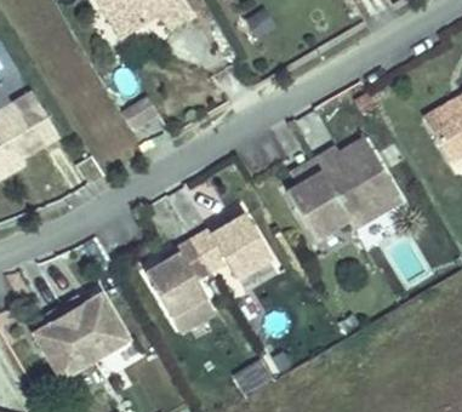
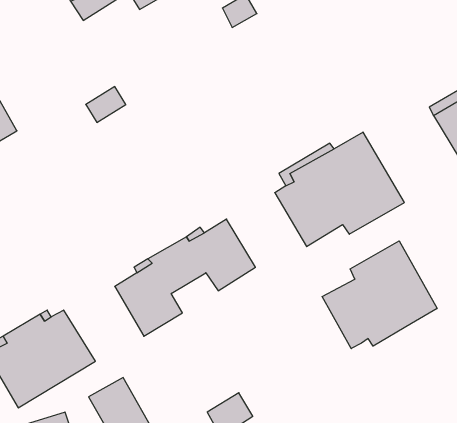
building: none -> [322,241,437,349]

